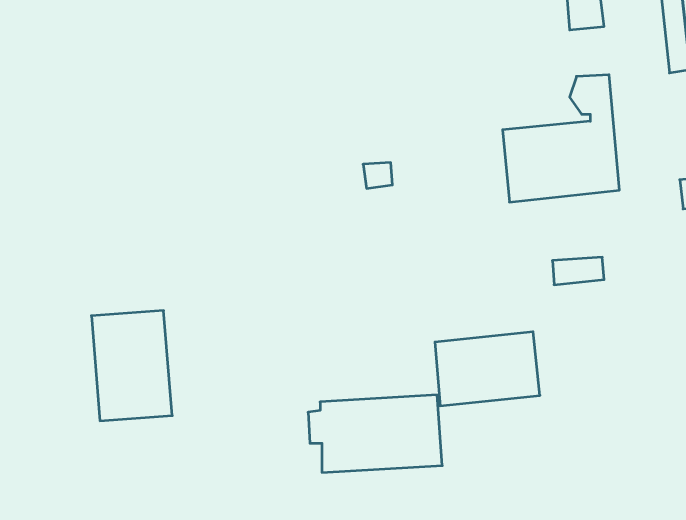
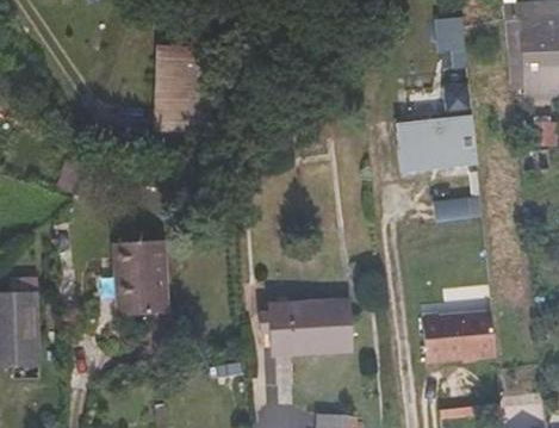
building: none -> [154,42,206,131]
building: [435,332,540,406] -> [423,310,496,361]

